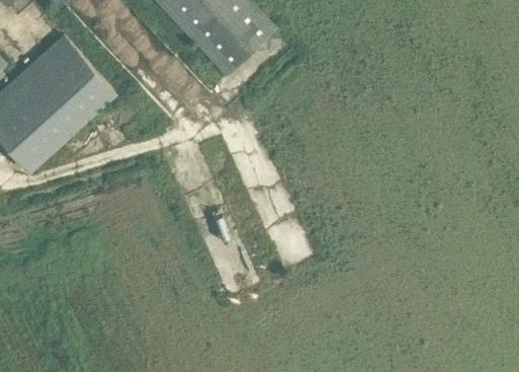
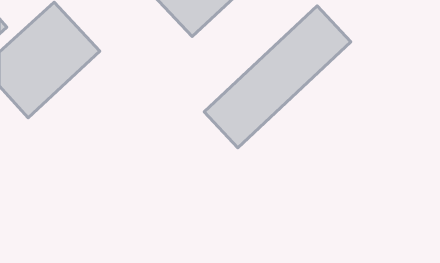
building: none -> [204,6,351,148]

